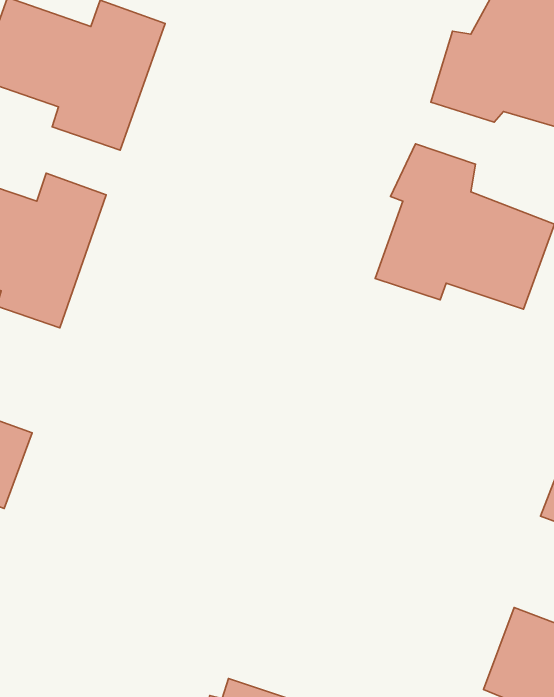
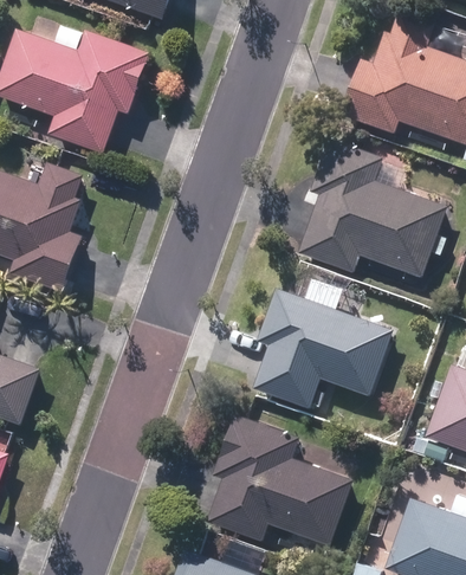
building: none -> [258,290,394,403]
building: none -> [208,424,350,545]

